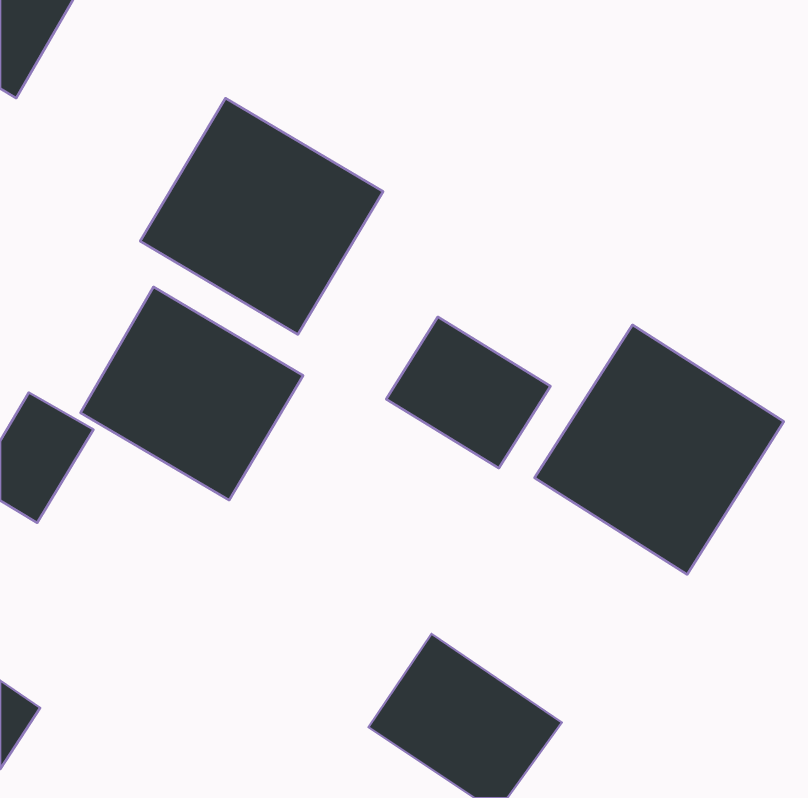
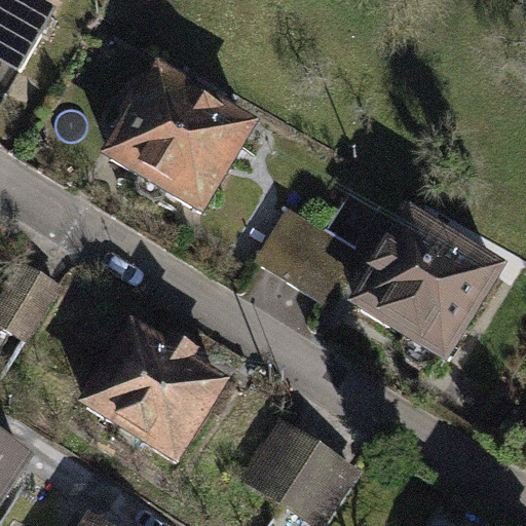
building: [81,287,303,500] -> none
building: none -> [78,316,229,462]

